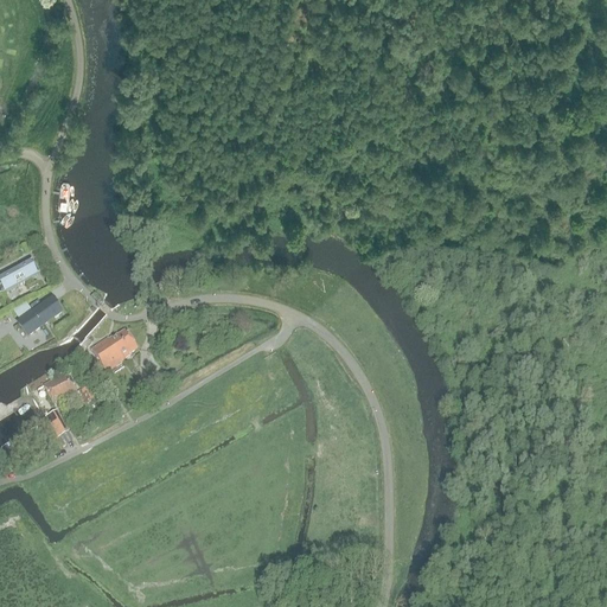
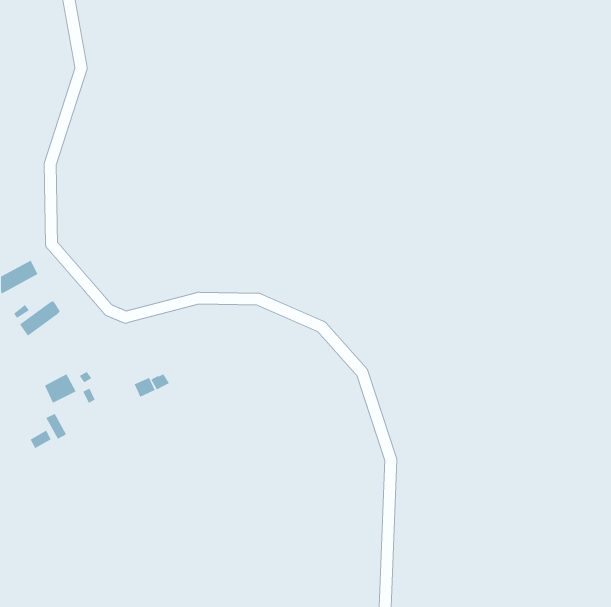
building: [90,326,136,369] -> none

